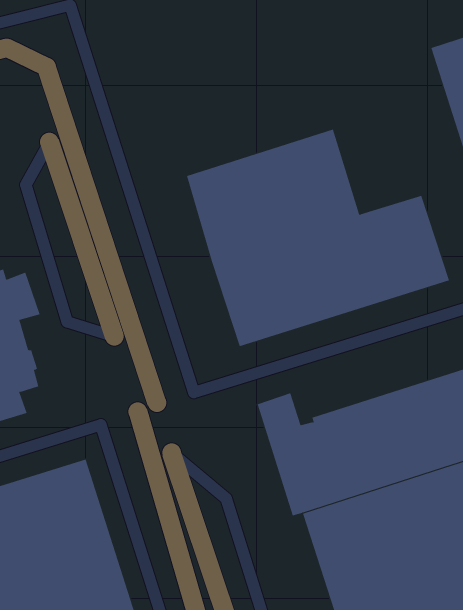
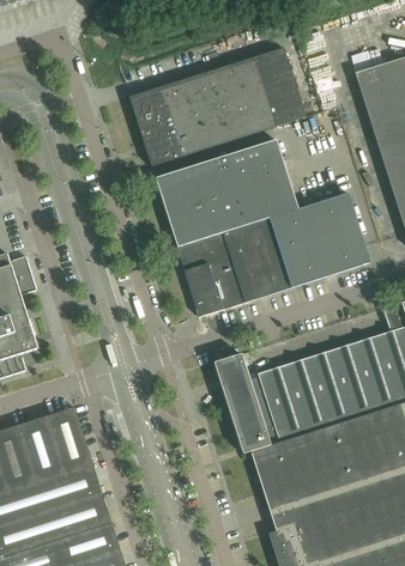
building: none -> [128,48,306,166]

